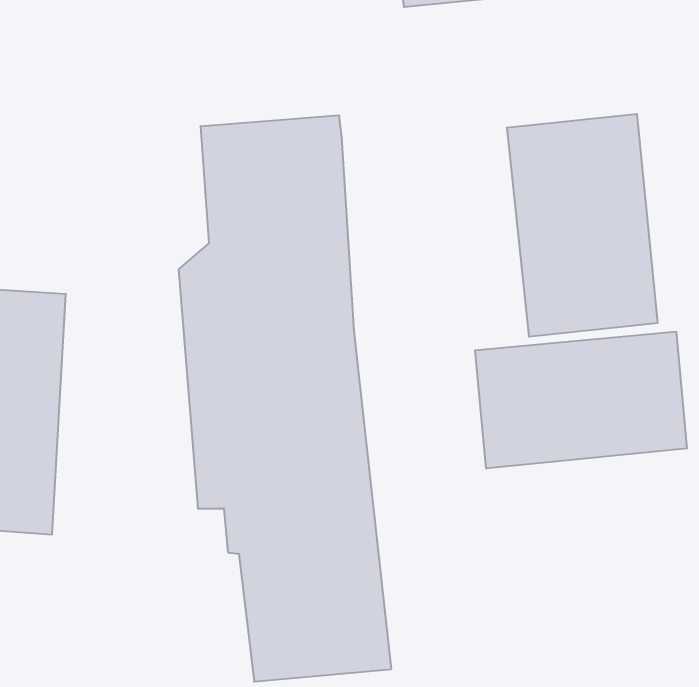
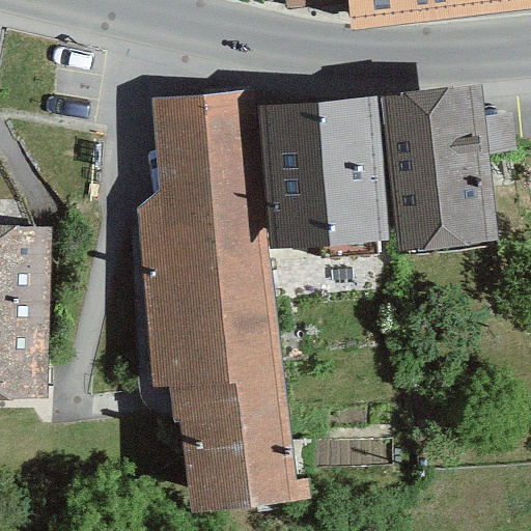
building: none -> [258,95,386,250]
building: [475,332,687,469] -> none

